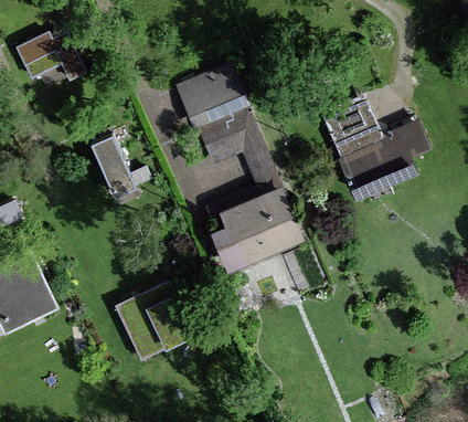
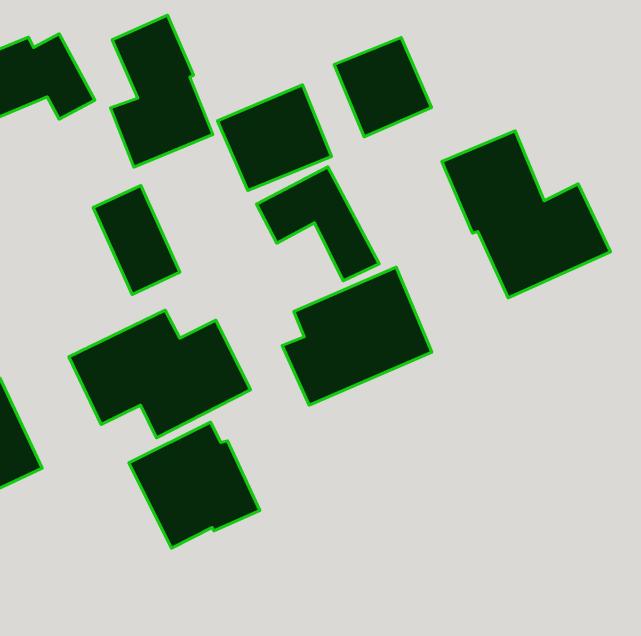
building: none -> [111,15,213,167]
building: none -> [334,38,431,137]
building: none -> [69,310,250,438]

